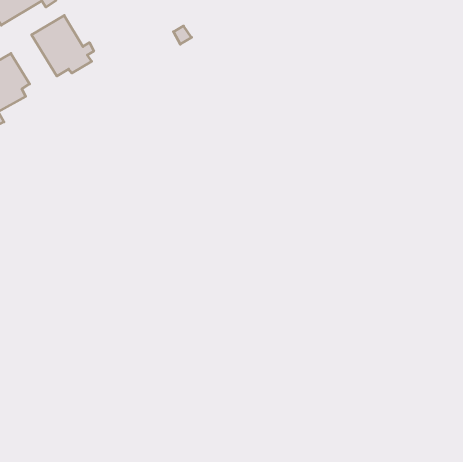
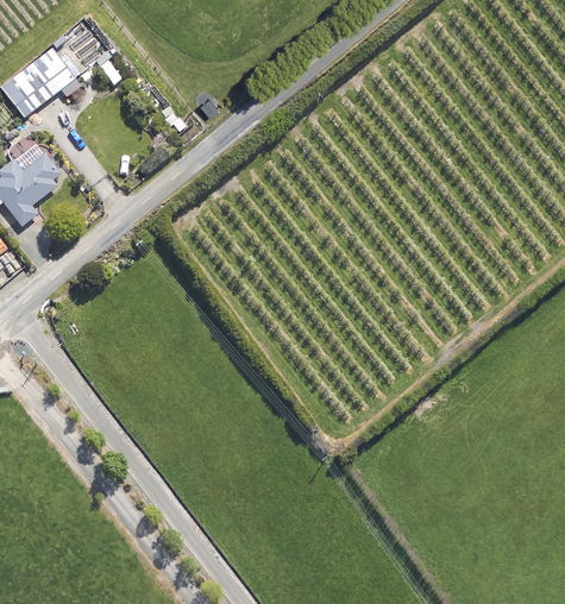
building: [32,15,94,76] -> none

